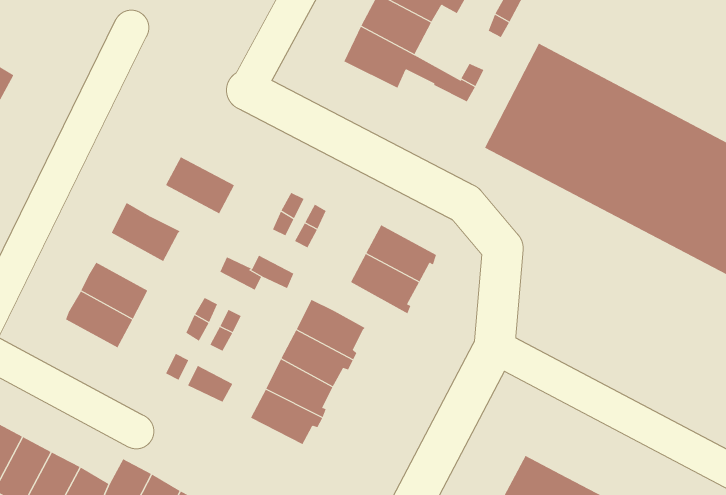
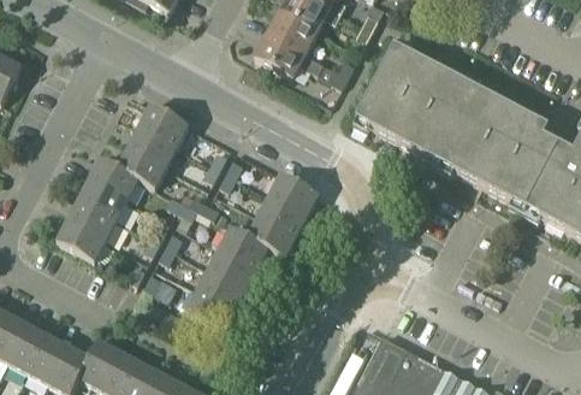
building: none -> [140,104,189,145]
building: none -> [118,145,167,188]
building: none -> [79,178,128,219]
building: none -> [249,213,301,257]

